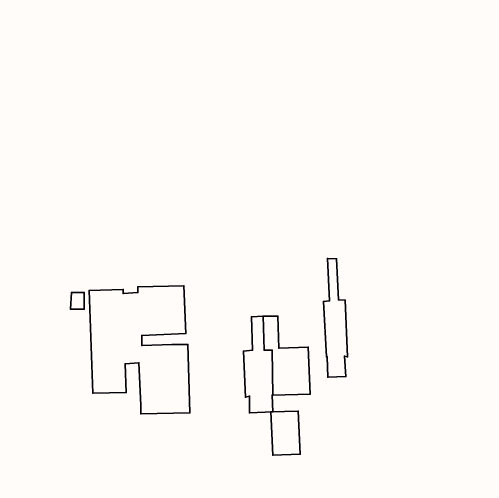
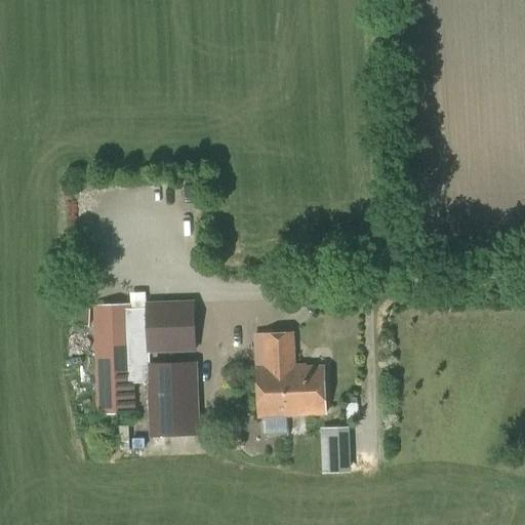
building: [323,258,348,377] -> none
building: [271,411,300,455] -> [319,426,350,472]

